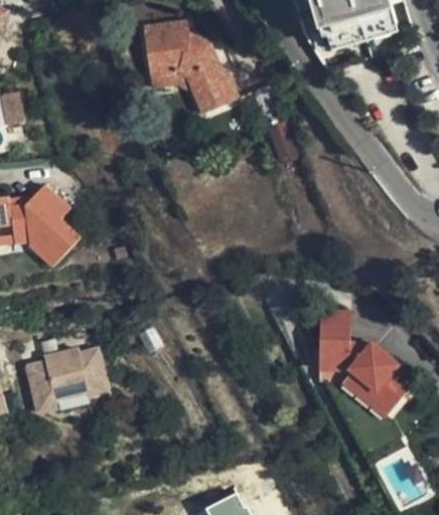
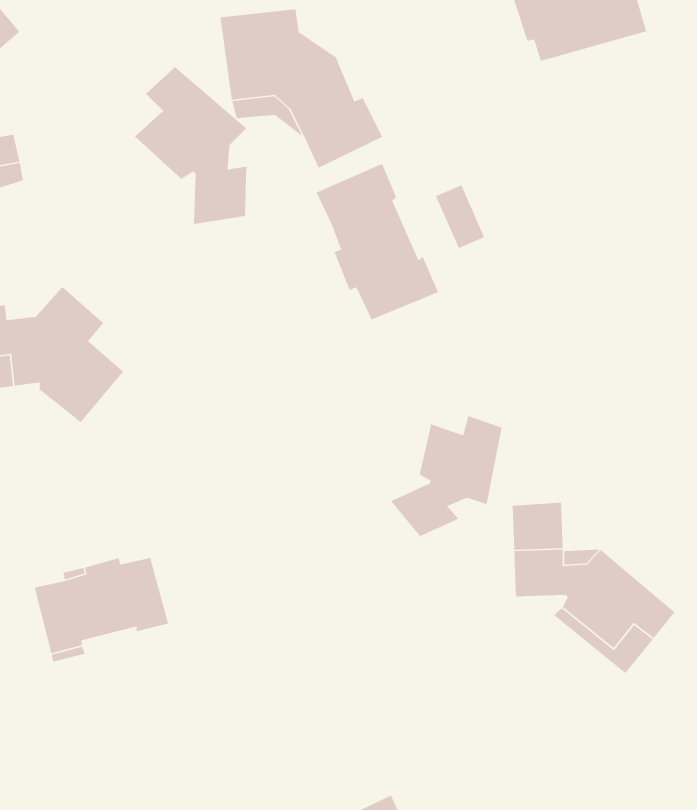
building: none -> [134,66,247,225]
building: none -> [316,163,439,320]
building: none -> [390,415,502,537]

